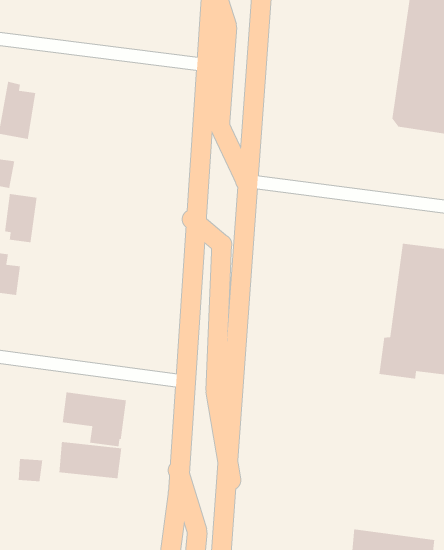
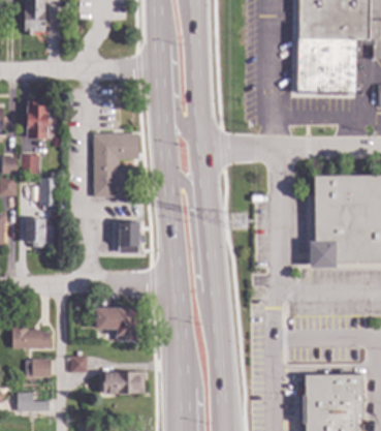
building: none -> [91,132,139,196]
building: none -> [118,221,145,253]
building: [58,441,122,479] -> [102,371,145,394]

